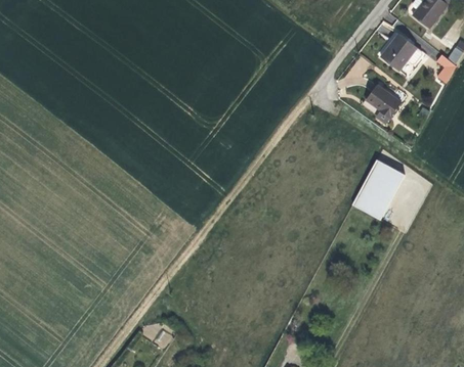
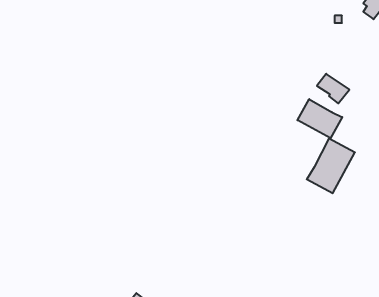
building: [380,35,421,76] -> none
building: none -> [297,99,342,138]

